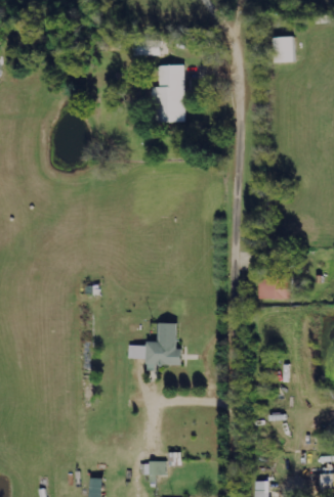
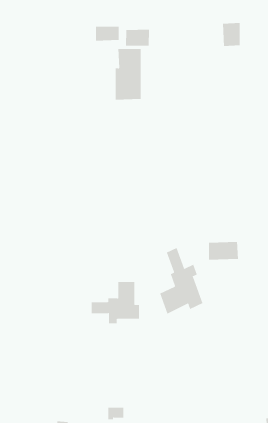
building: none -> [125,29,150,46]
building: none -> [160,247,203,314]

